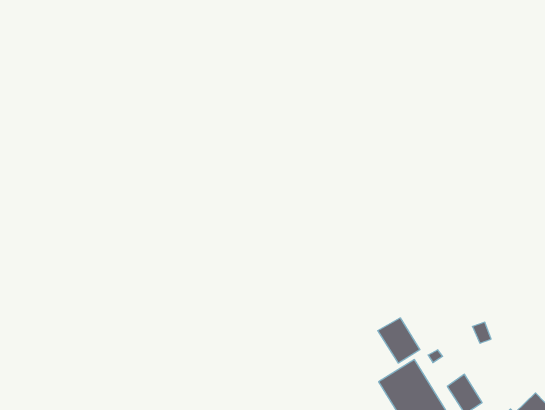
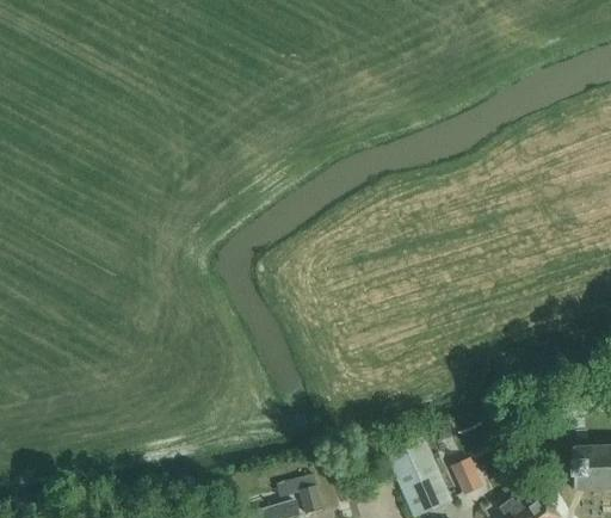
building: [378,318,420,363] -> none

